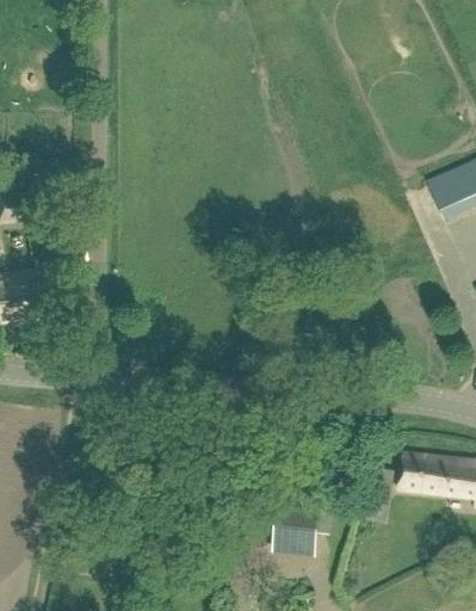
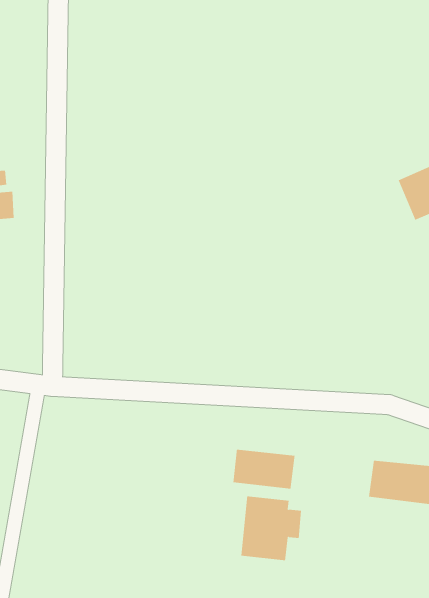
building: none -> [233,449,295,489]

